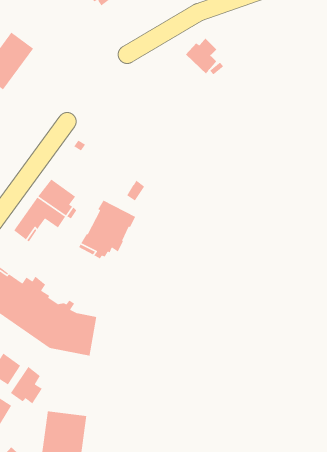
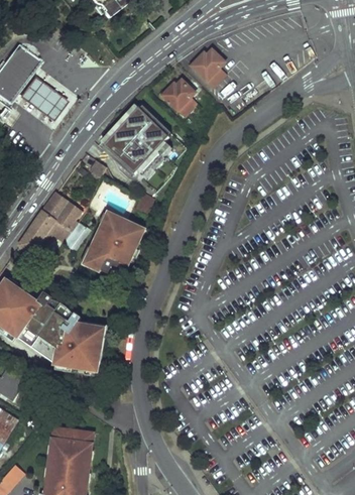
building: none -> [17,77,66,122]
building: none -> [162,80,199,117]
building: none -> [103,108,169,174]
building: [10,366,43,405] -> none

